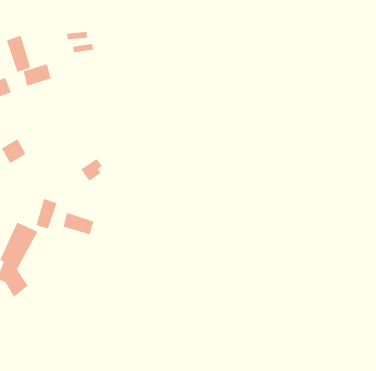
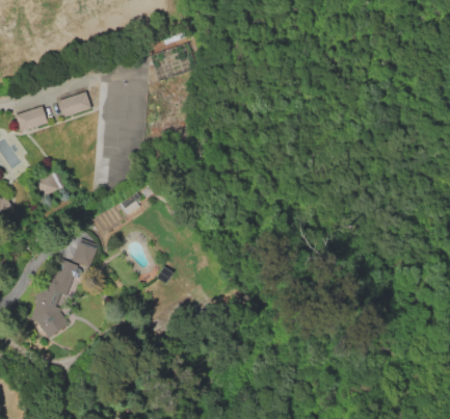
building: [6,35,31,73] -> none
building: [62,212,95,235] -> none

